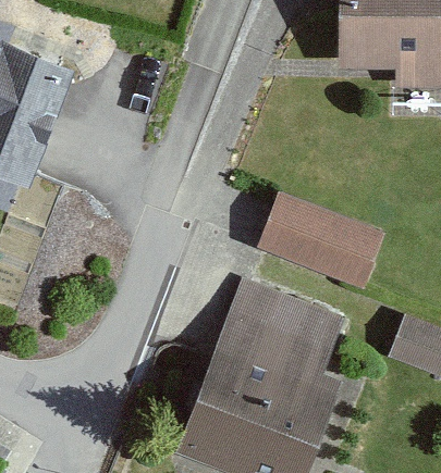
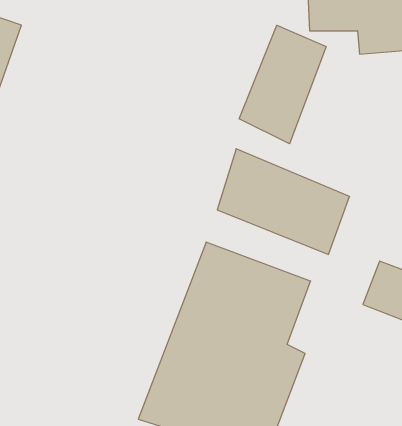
building: none -> [239,25,326,144]

